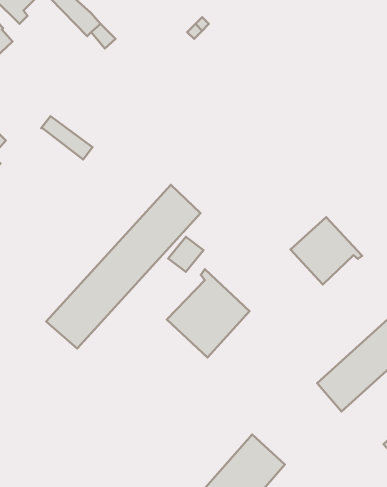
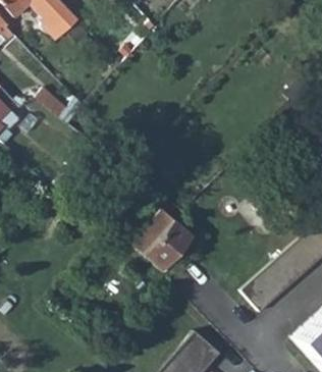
building: [46,185,200,349] -> none
building: [290,217,362,285] -> none

